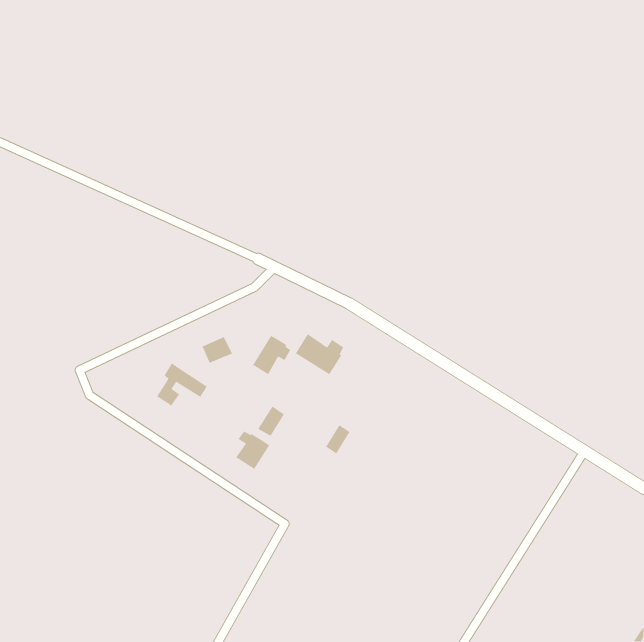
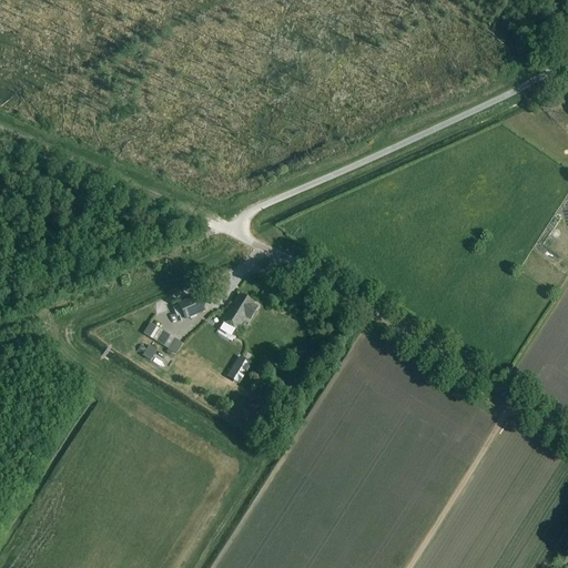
building: [295,333,344,375] -> none
building: [235,431,270,470] -> none

